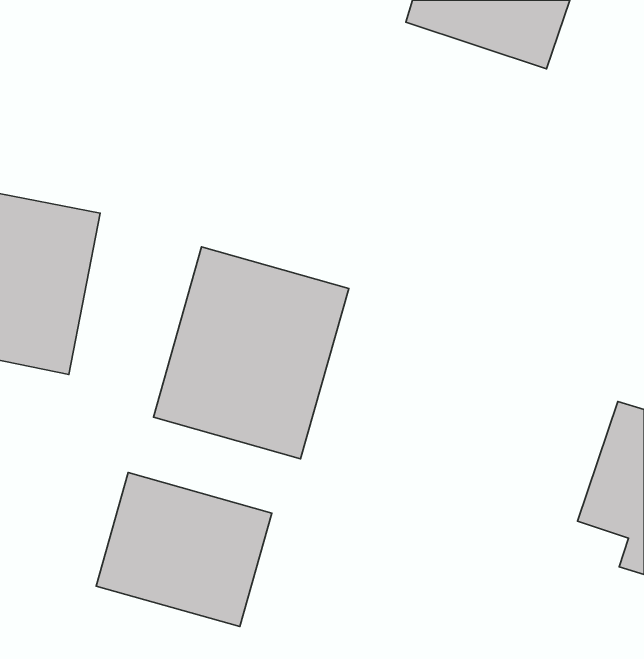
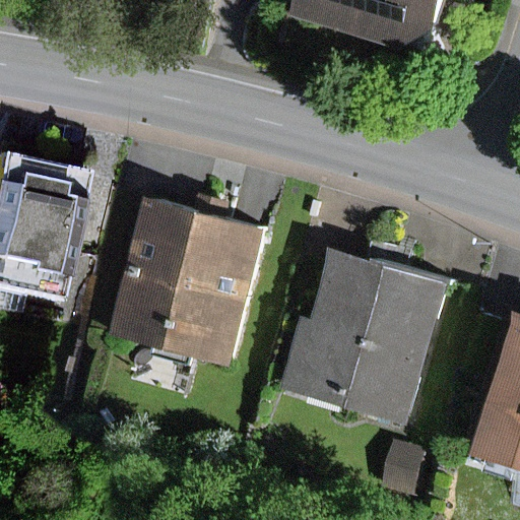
building: none -> [279,252,452,426]
building: [96,473,272,627] -> none

